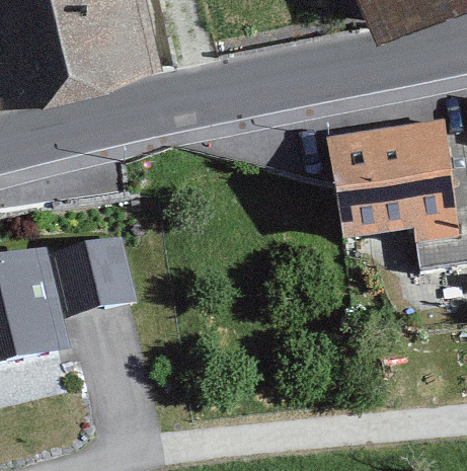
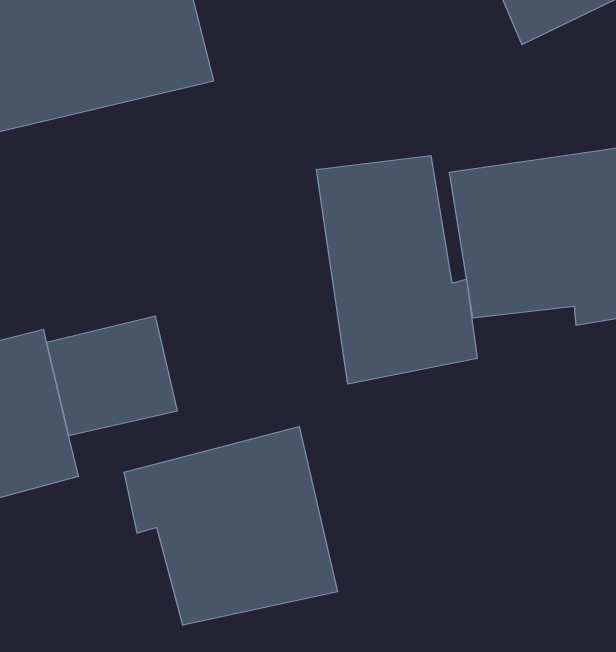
building: none -> [317,156,477,384]
building: none -> [124,426,337,625]

